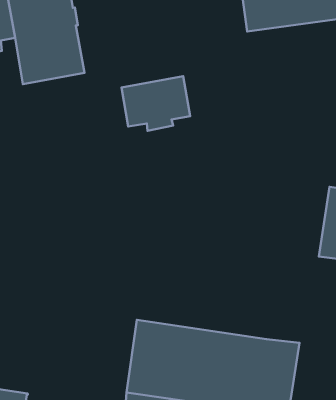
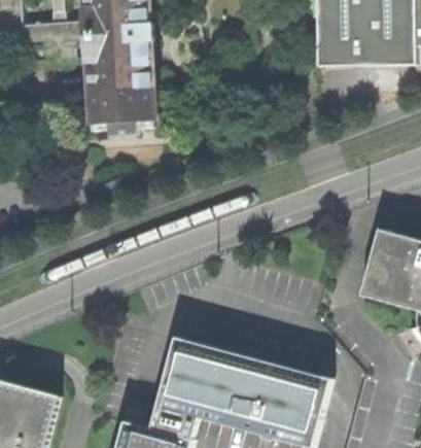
building: [121,76,190,131] -> [92,88,155,137]

